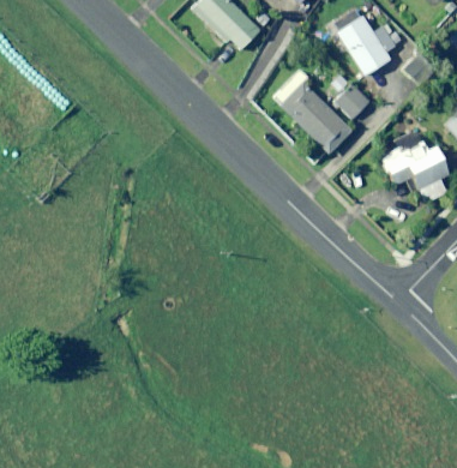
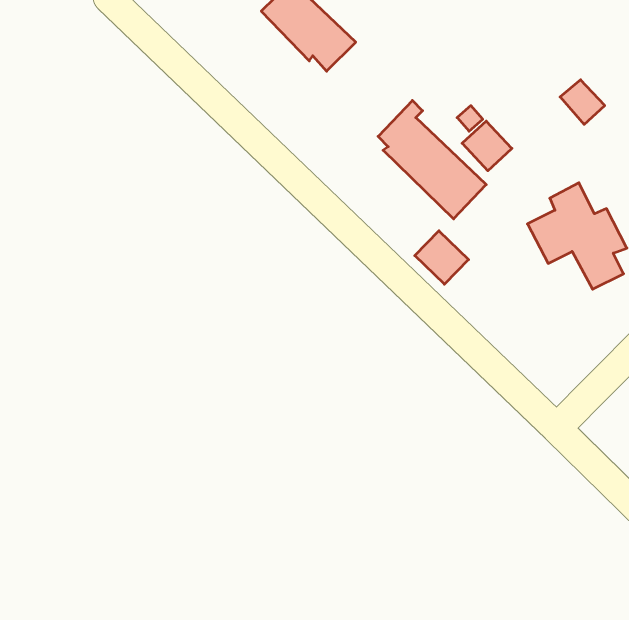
building: [330,6,401,76] -> none
building: none -> [415,231,469,284]

